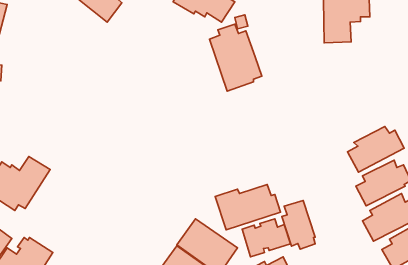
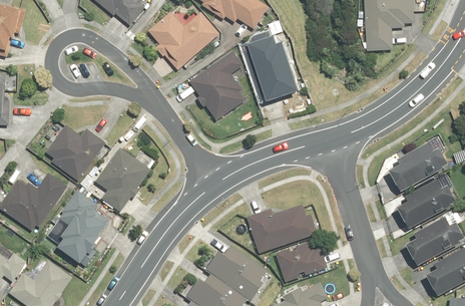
building: none -> [148,9,222,68]
building: none -> [191,54,248,121]
building: none -> [45,125,105,181]
building: none -> [94,146,155,213]
building: none -> [48,189,112,264]
building: [282,200,315,249] -> none

